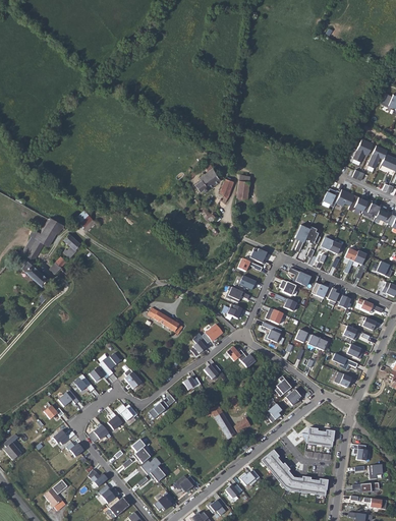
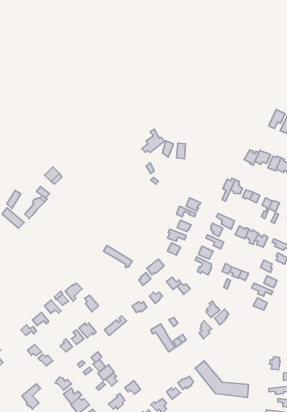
building: [35,216,63,245] -> none
building: [301,427,334,447] -> none

